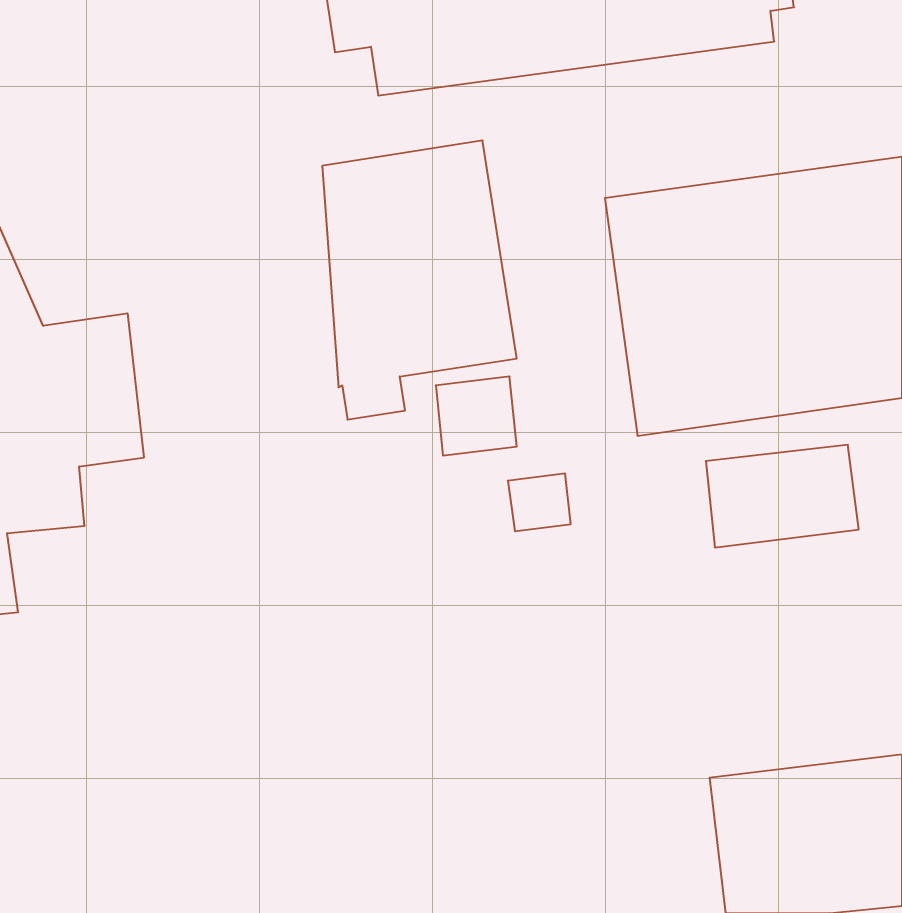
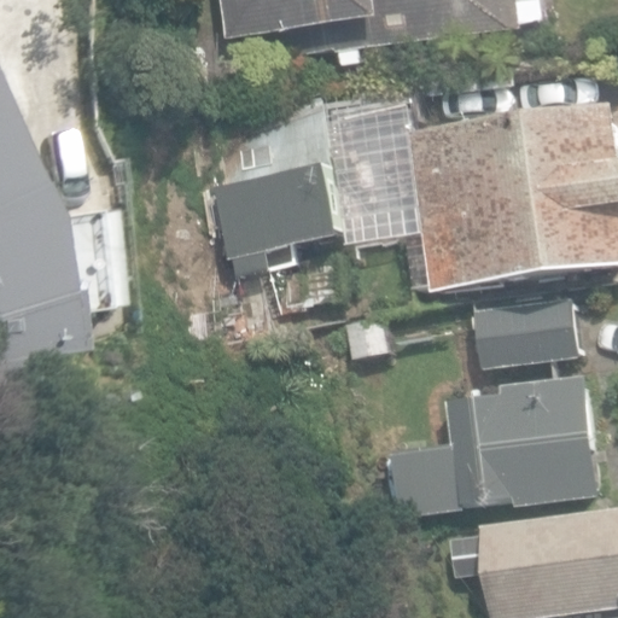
building: none -> [390,374,600,515]

